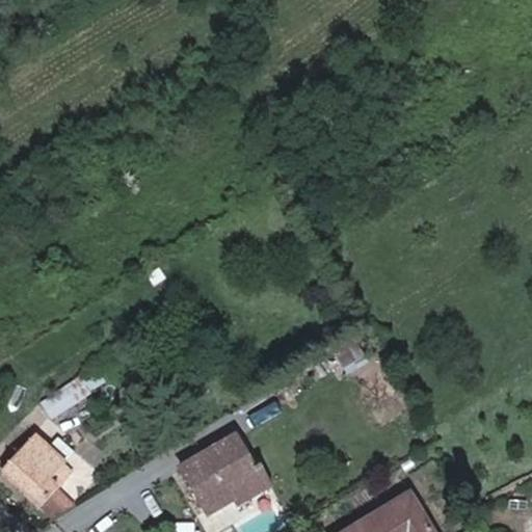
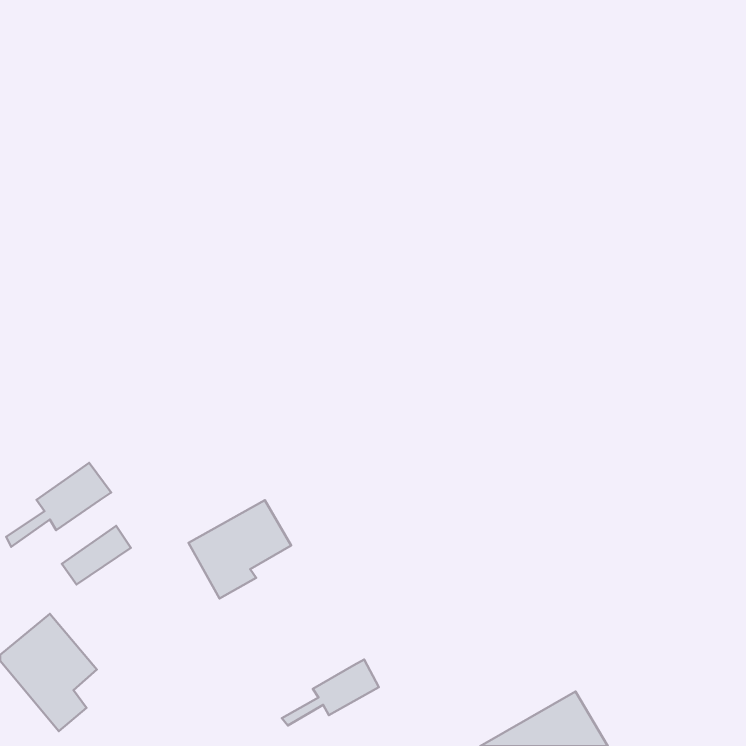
building: none -> [6,463,111,547]
building: [181,438,254,508] -> [189,500,291,598]

